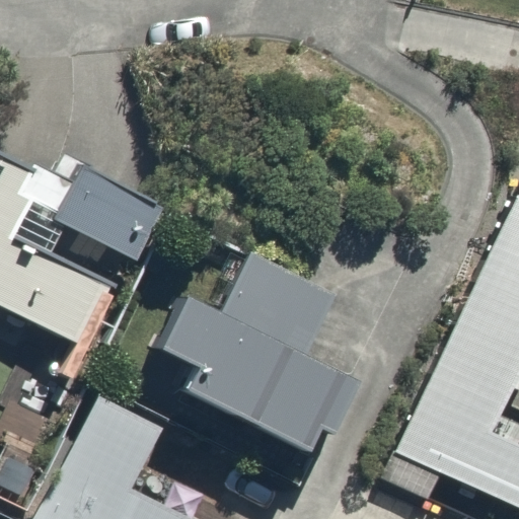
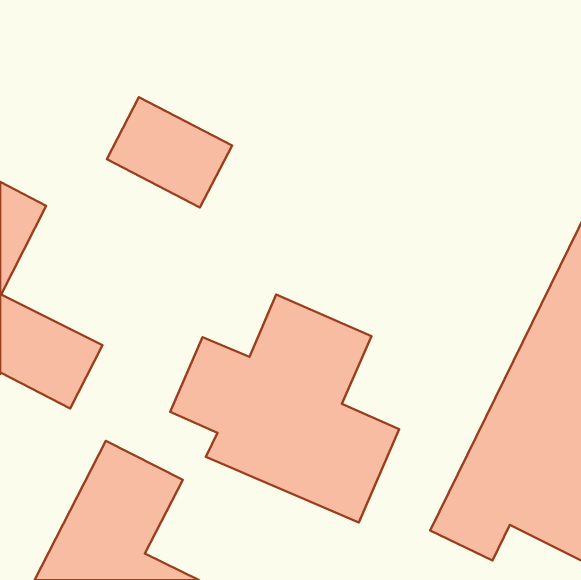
building: [54,165,164,263] -> [107,97,232,208]

